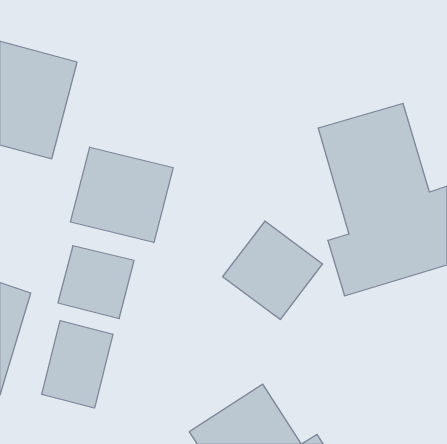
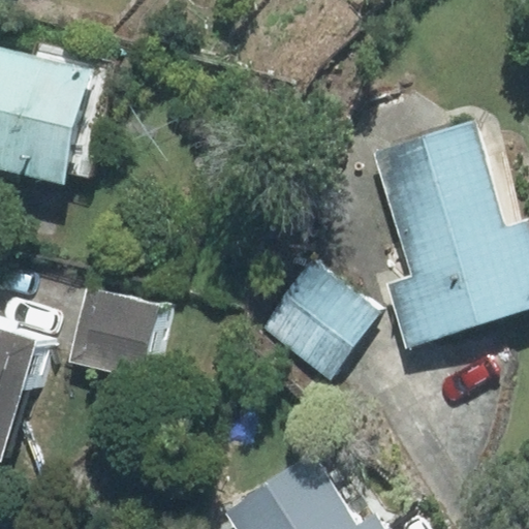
building: [70,147,173,243] -> none
building: [42,321,113,408] -> none

